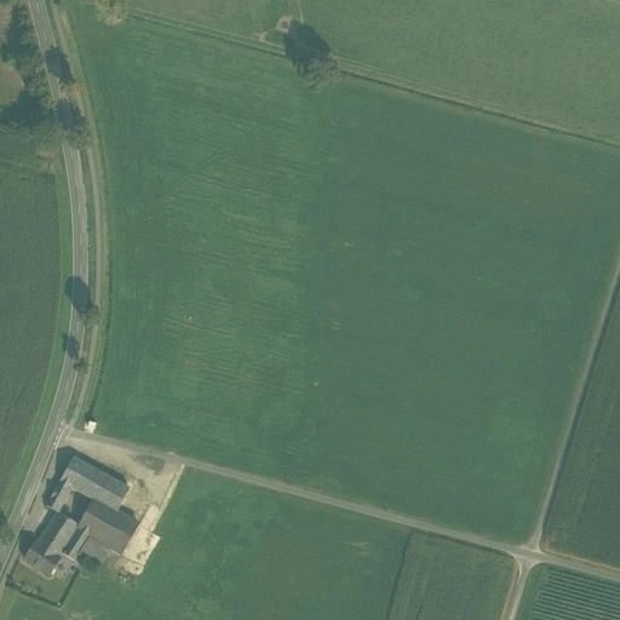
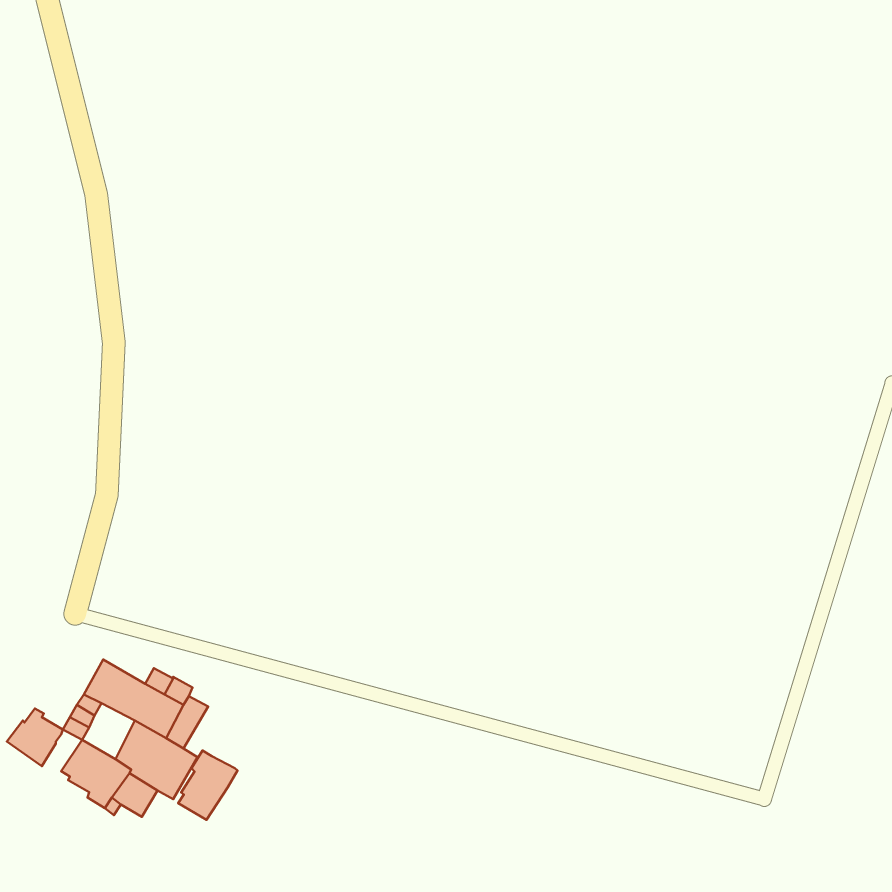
building: none -> [178,751,238,820]
building: [23,534,62,574] -> [7,708,63,766]

